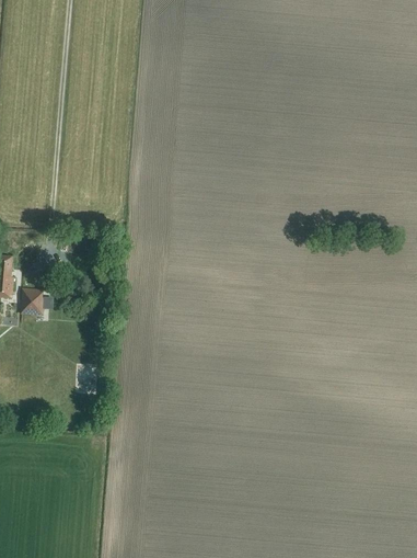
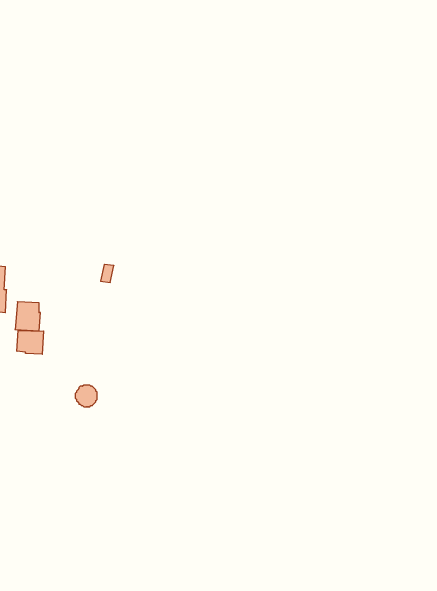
building: none -> [17,330,44,354]

